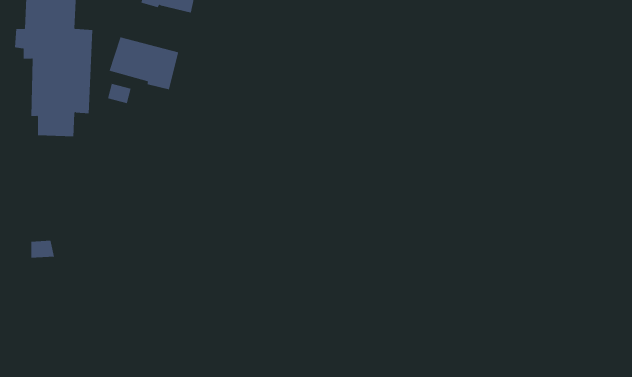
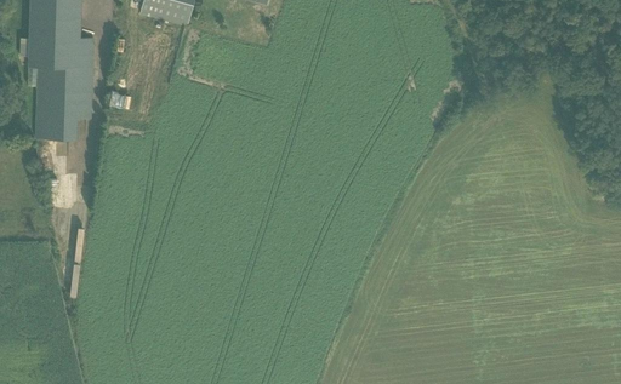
building: [109,36,179,90] -> none

